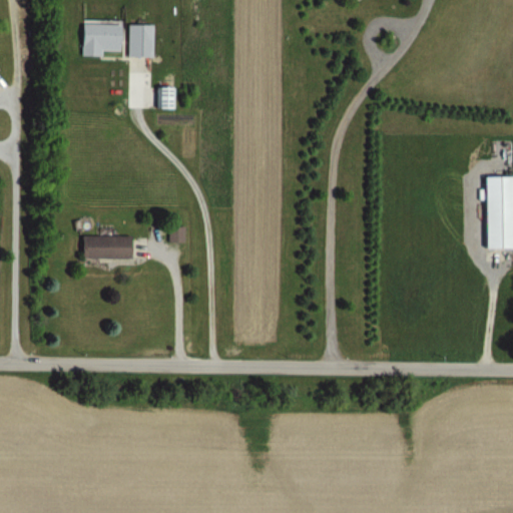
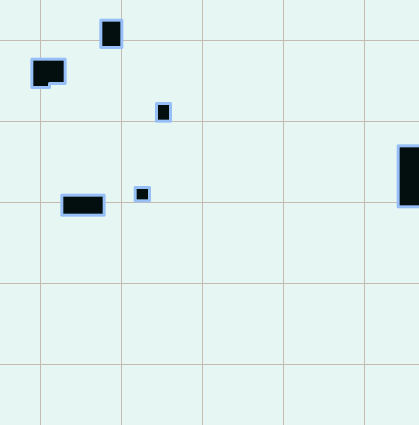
building: [83,22,123,56] -> [32,59,65,88]
building: [159,87,176,108] -> [156,104,171,121]

